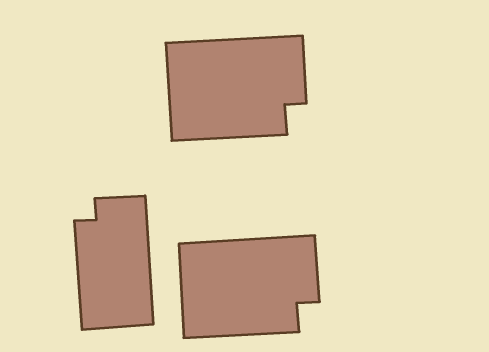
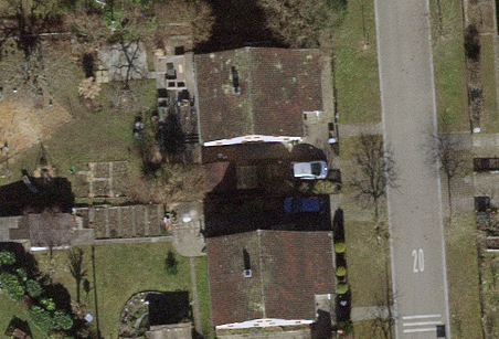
building: [74,196,153,330] -> none

